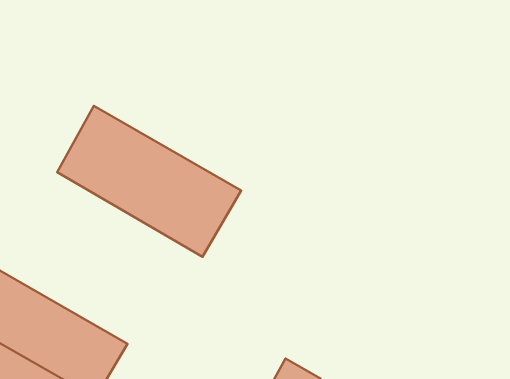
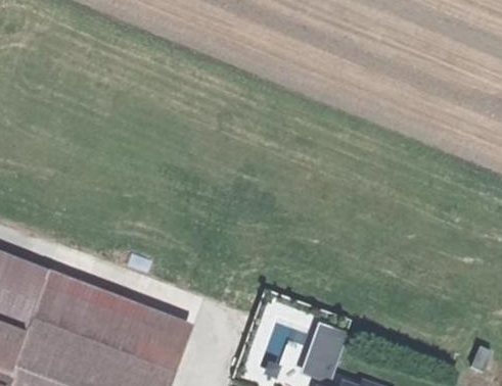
building: [57,106,241,257] -> none

